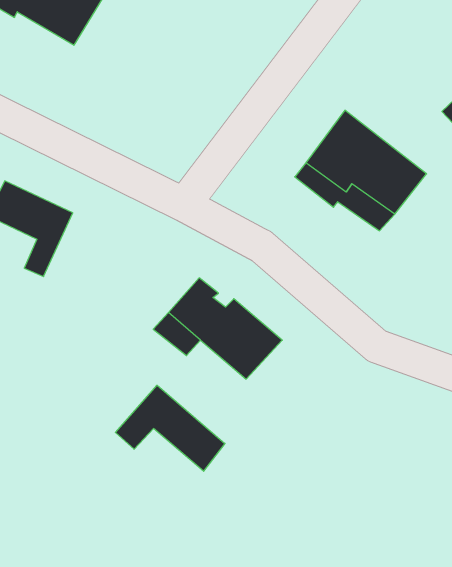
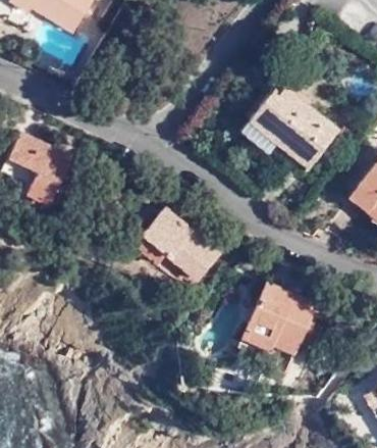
building: [115,385,225,471] -> none
building: none -> [243,289,317,352]

